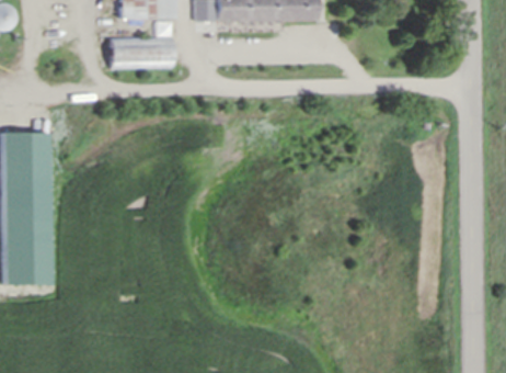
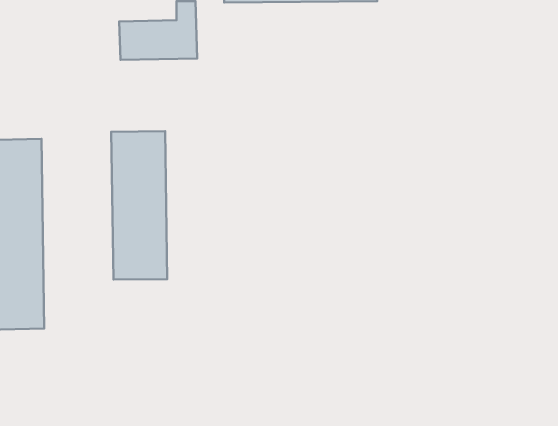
building: none -> [111,131,167,280]

